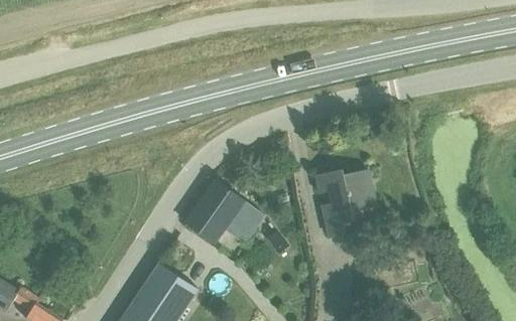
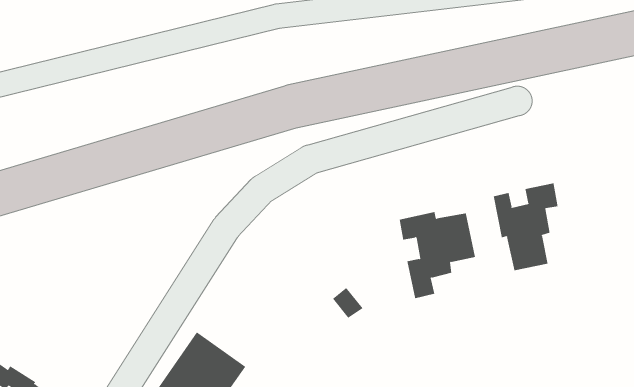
building: none -> [493,183,558,271]
building: [186,182,263,244] -> none

